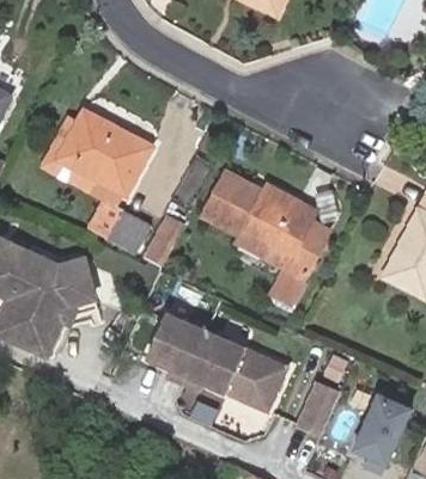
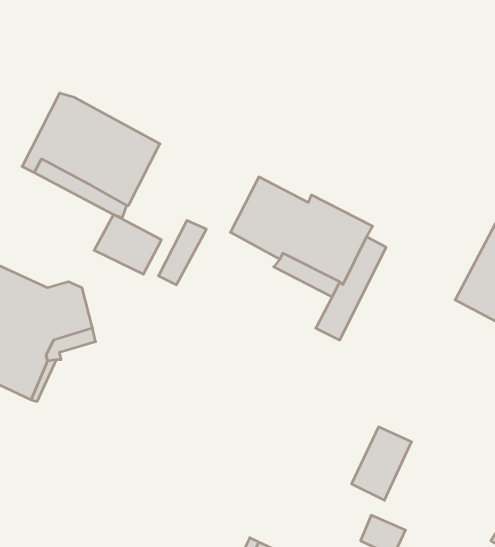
building: [142,314,282,410] -> none
building: [346,386,409,459] -> none

